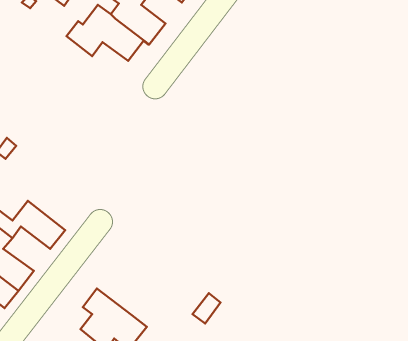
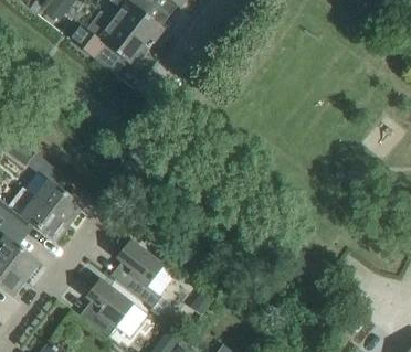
building: none -> [25,153,83,224]
building: none -> [114,239,175,308]

